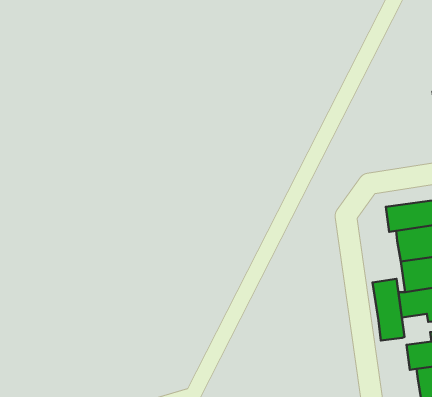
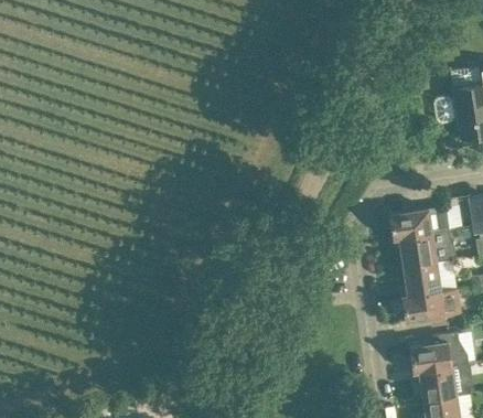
building: [373,279,405,340] -> none

